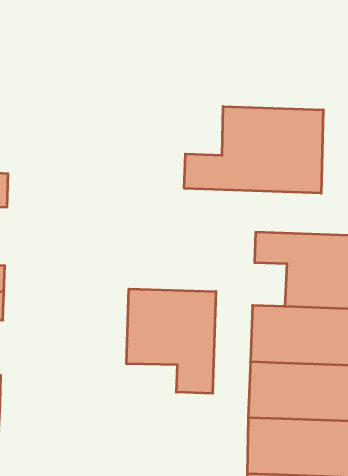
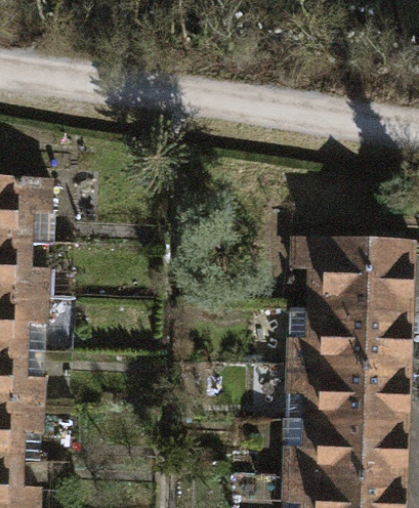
building: [184,106,323,193] -> none
building: [126,289,216,393] -> none

